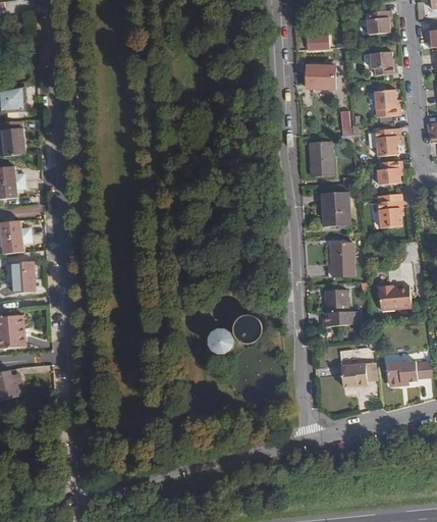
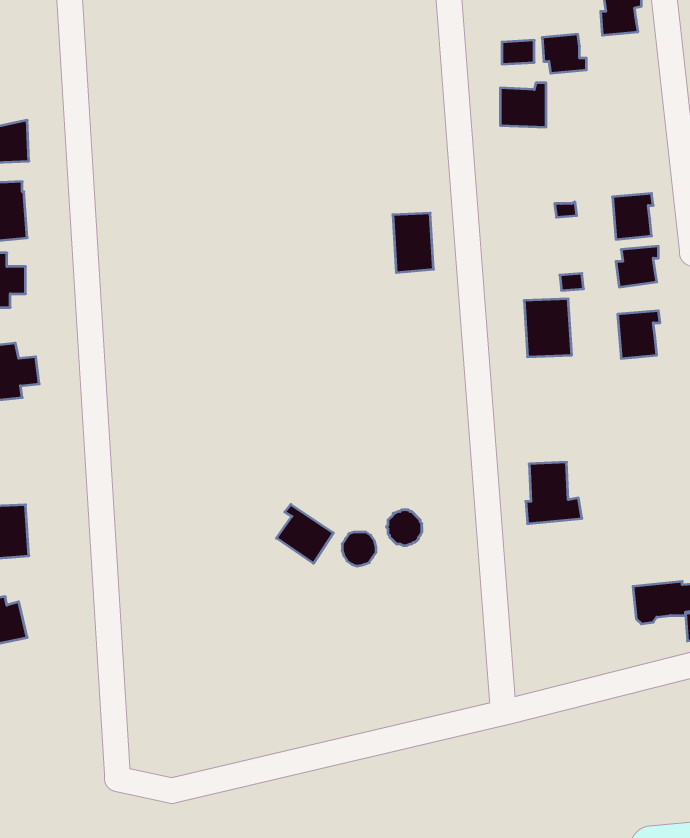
building: [370,52,396,75] -> [542,34,586,73]
building: [373,90,399,117] -> none
building: [309,142,333,177] -> [393,213,434,273]
building: [331,243,353,277] -> none
building: [11,261,35,293] -> none
building: [379,283,412,309] -> none
building: none -> [276,504,333,563]
building: [340,363,367,386] -> none

